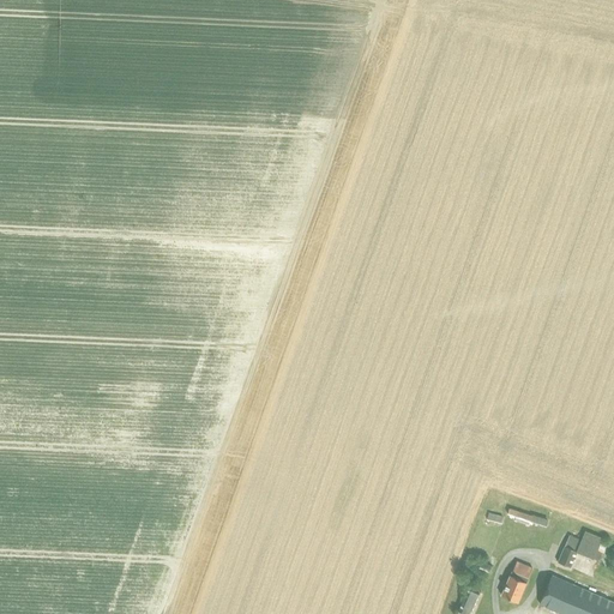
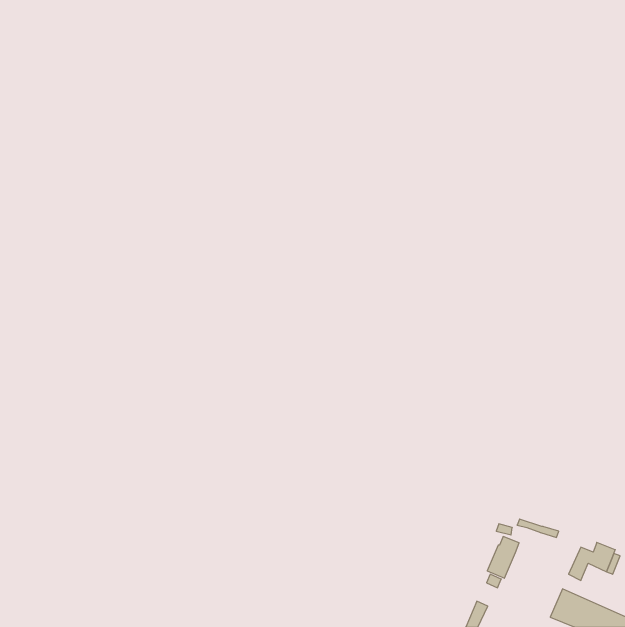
building: [501,561,532,602] -> [487,537,519,578]

